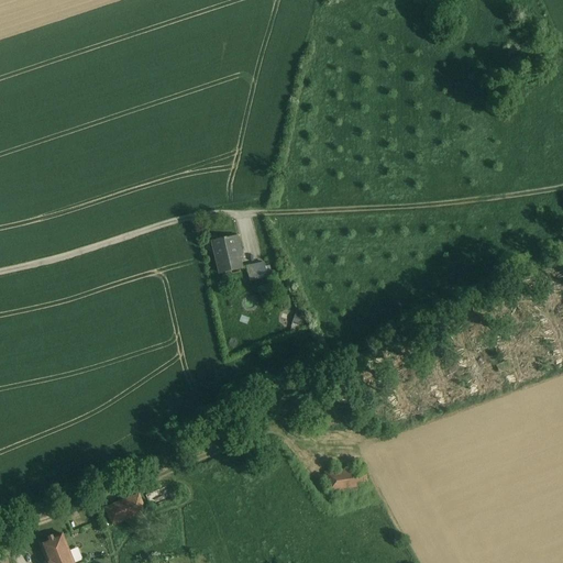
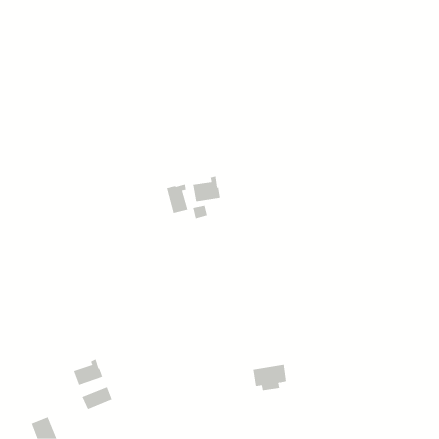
building: none -> [192,176,221,204]
building: none -> [73,358,103,387]

